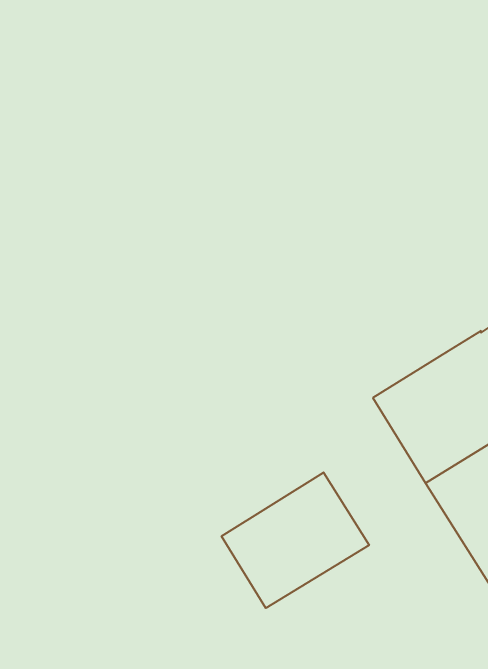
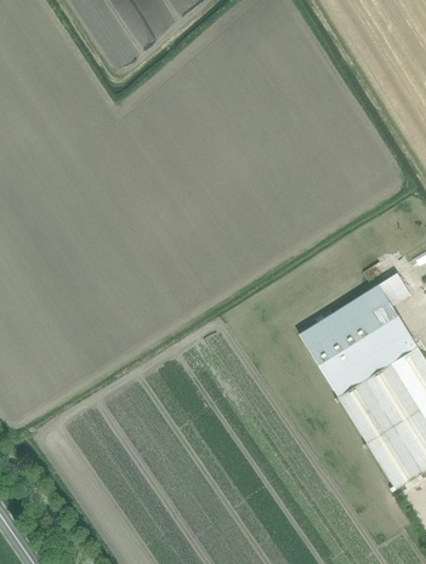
building: [222,472,369,608] -> none

